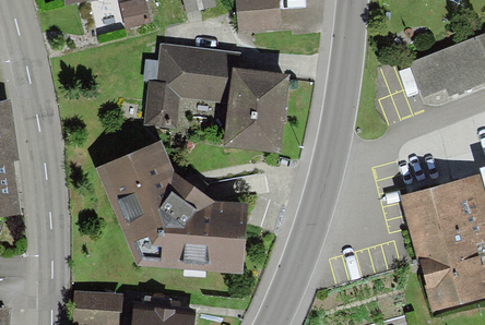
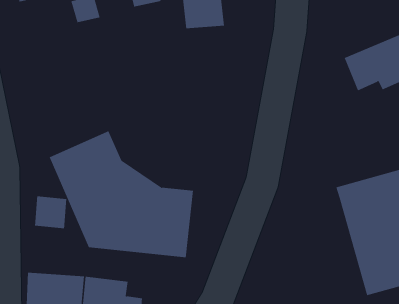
building: [142,44,291,154] -> none
building: none -> [35,195,67,229]

